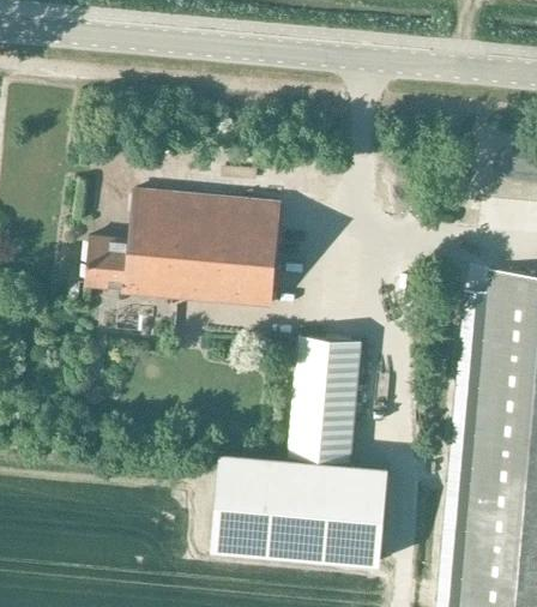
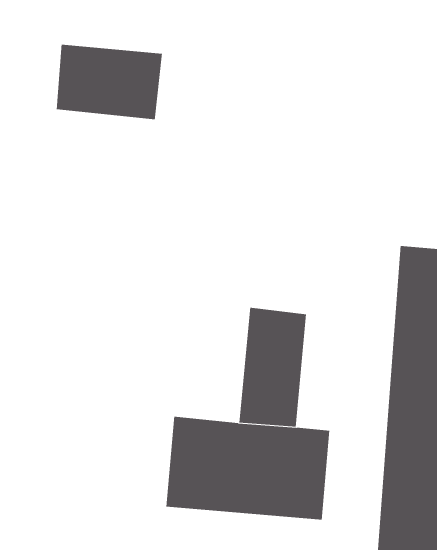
building: none -> [56,44,162,120]
building: [85,191,282,307] -> none

